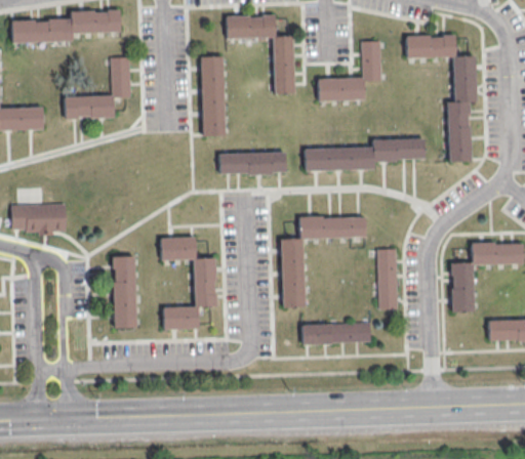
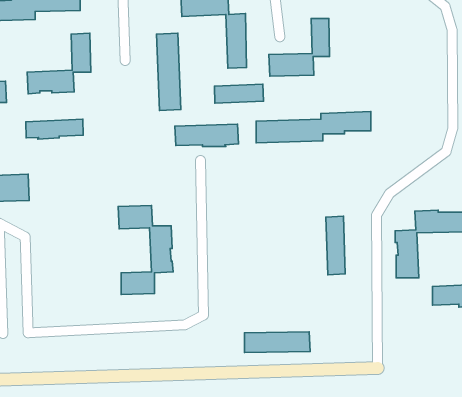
building: [406,35,477,162] -> none
building: none -> [214,84,263,103]
building: none -> [26,119,83,139]
building: [281,216,366,308] -> none
building: [112,256,136,329] -> none
building: [301,322,370,343] -> [244,332,310,352]

